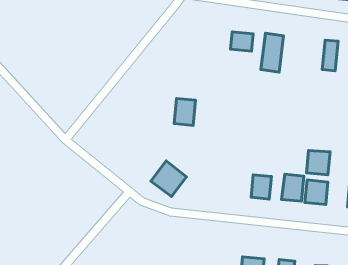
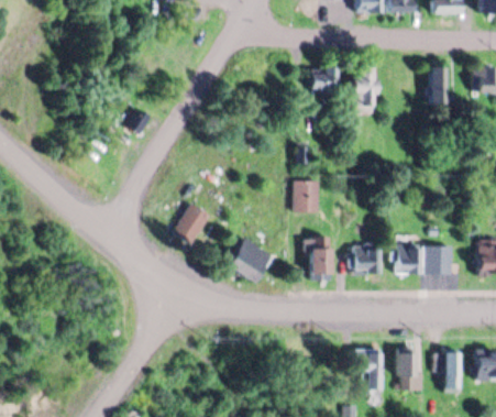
building: [174,98,196,125] -> [293,180,317,212]
building: none -> [174,204,209,242]
building: [307,150,330,175] -> none
building: none -> [310,248,331,279]

